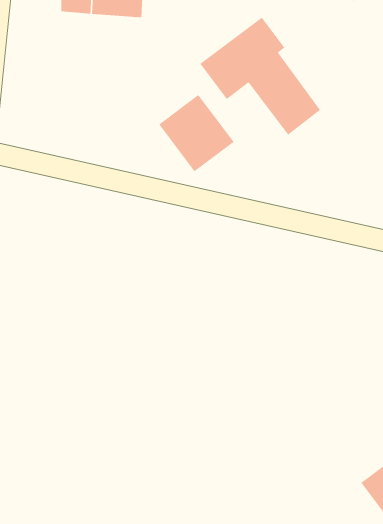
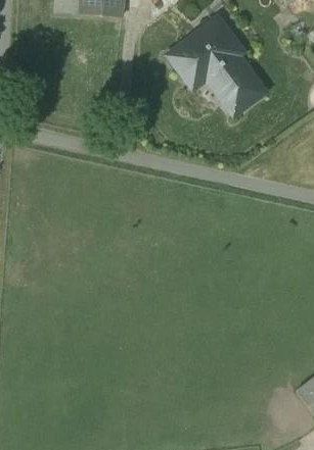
building: [159,94,234,172] -> none

